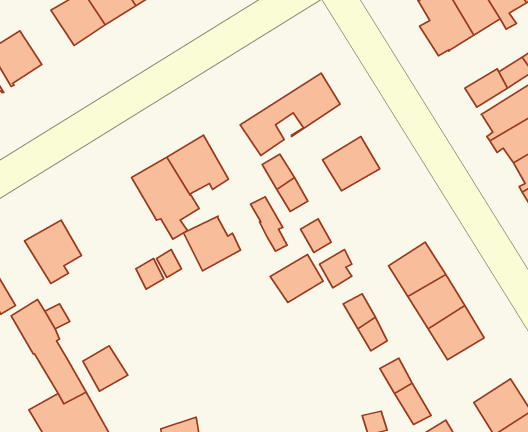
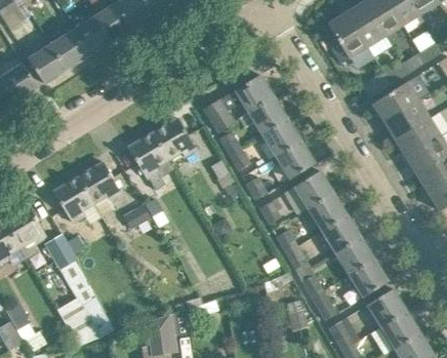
building: none -> [49,30,87,68]
building: none -> [239,95,287,134]
building: none -> [274,141,314,178]
building: none -> [78,161,120,201]
building: none -> [293,169,332,208]
building: [184,216,241,271] -> none
building: [270,254,323,302] -> none
building: none -> [348,258,388,296]
building: [83,346,128,391] -> none

